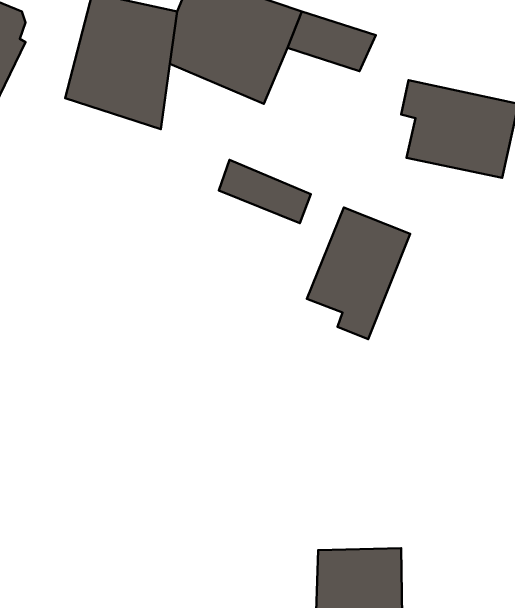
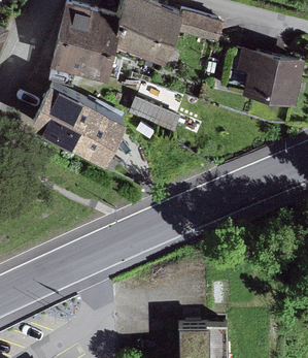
building: none -> [24,87,116,169]
building: [307,208,410,339] -> none

